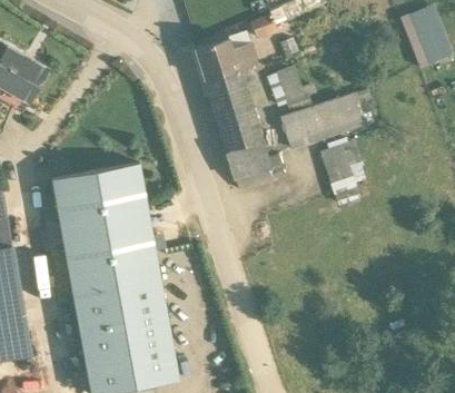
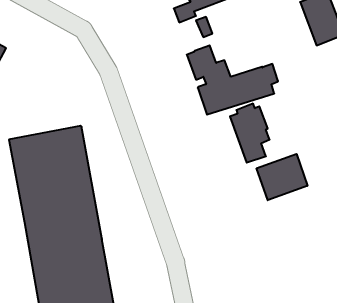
building: [196,31,285,189] -> none
building: none -> [257,154,307,200]

